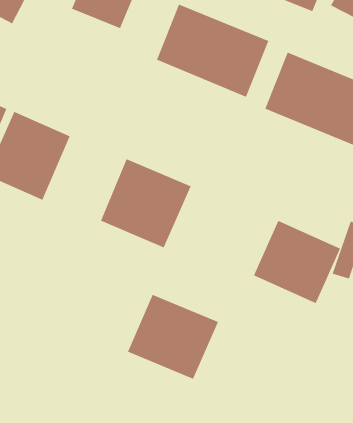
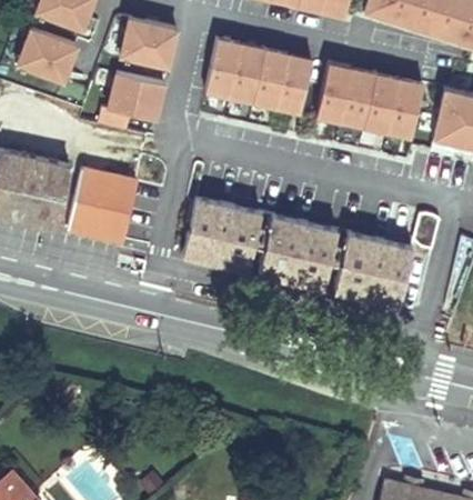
building: none -> [110,70,162,121]
building: [127,294,219,380] -> [259,209,341,283]

